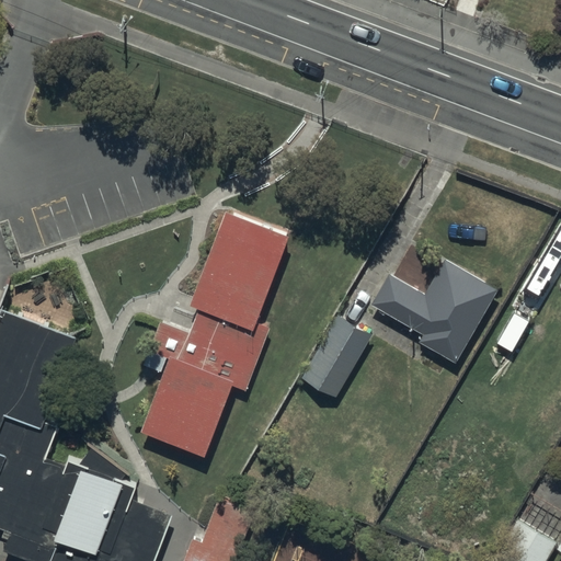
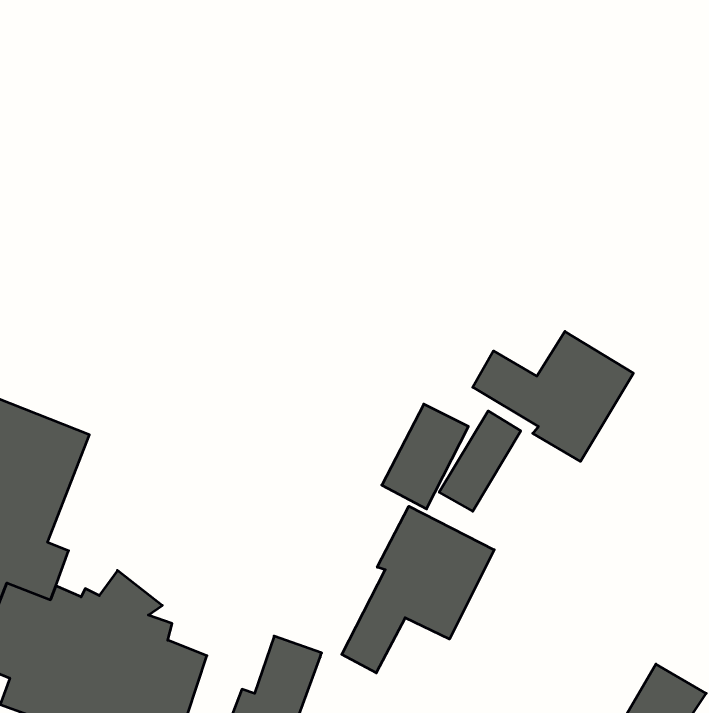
building: [140,211,290,459] -> none
building: none -> [439,411,521,511]
building: none -> [342,506,494,673]

